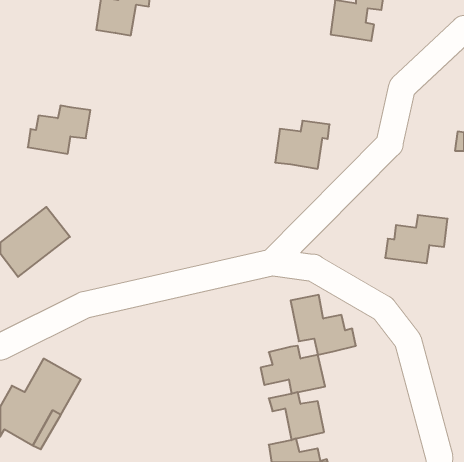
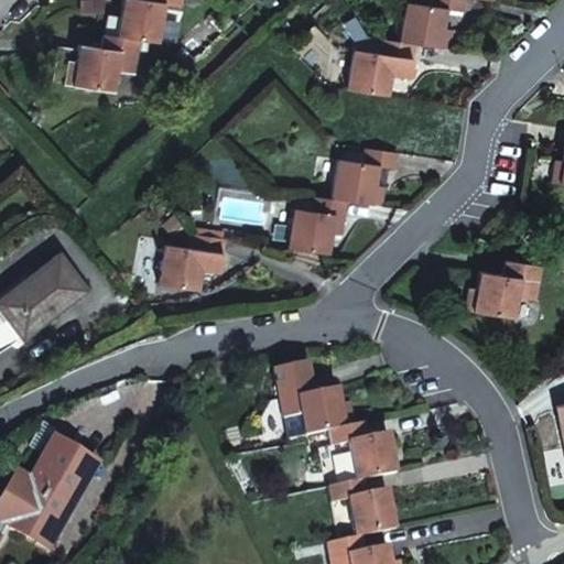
building: none -> [349,39,415,94]
building: [28,106,90,154] -> [64,34,140,93]
building: none -> [293,192,352,253]
building: none -> [166,231,231,289]
building: [291,295,356,355] -> [273,359,352,432]

